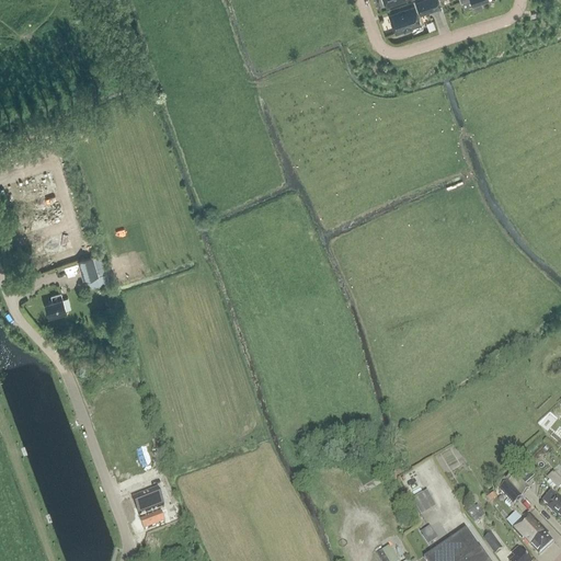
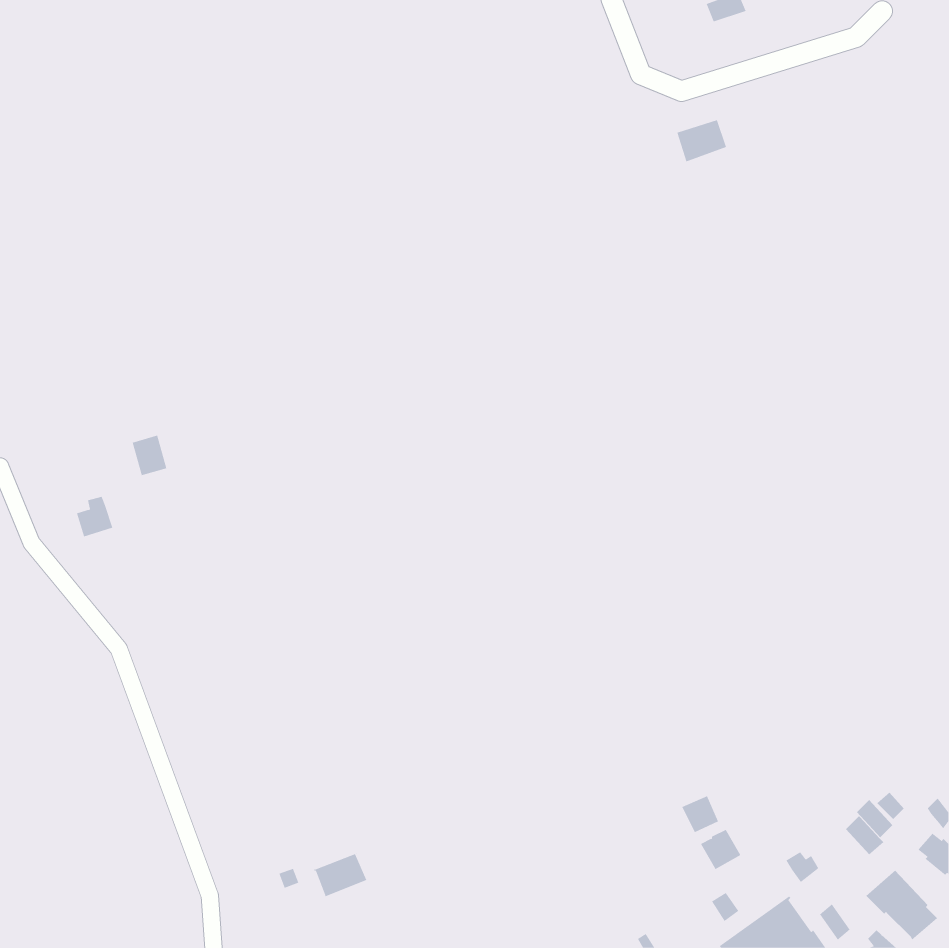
building: [390,7,420,32] -> [677,119,727,162]
building: [131,488,163,514] -> [313,852,367,897]

